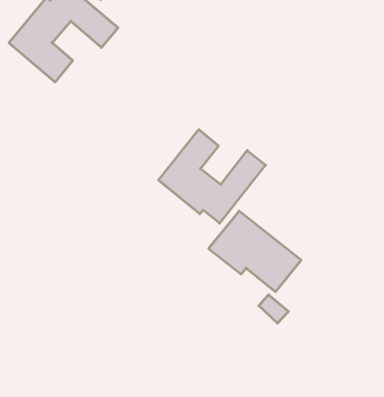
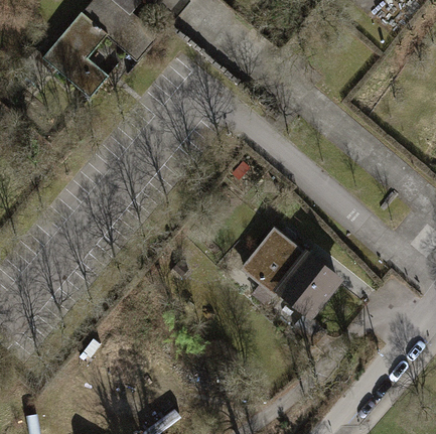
building: [159,130,266,223] -> none

